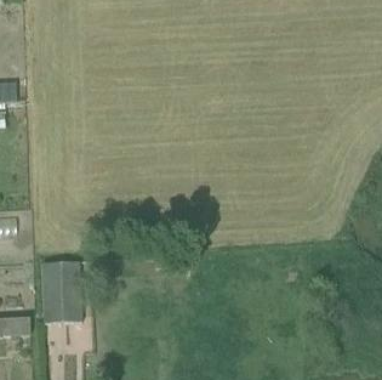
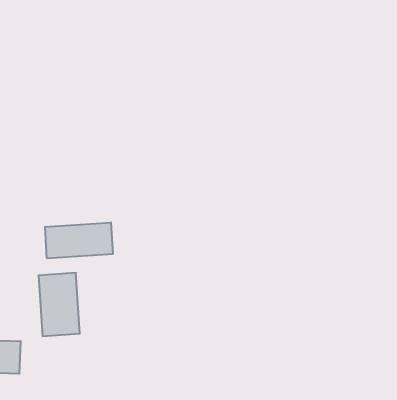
building: none -> [45,222,113,258]

